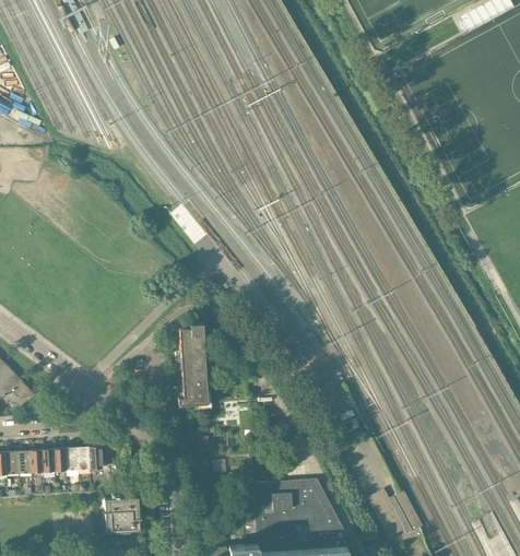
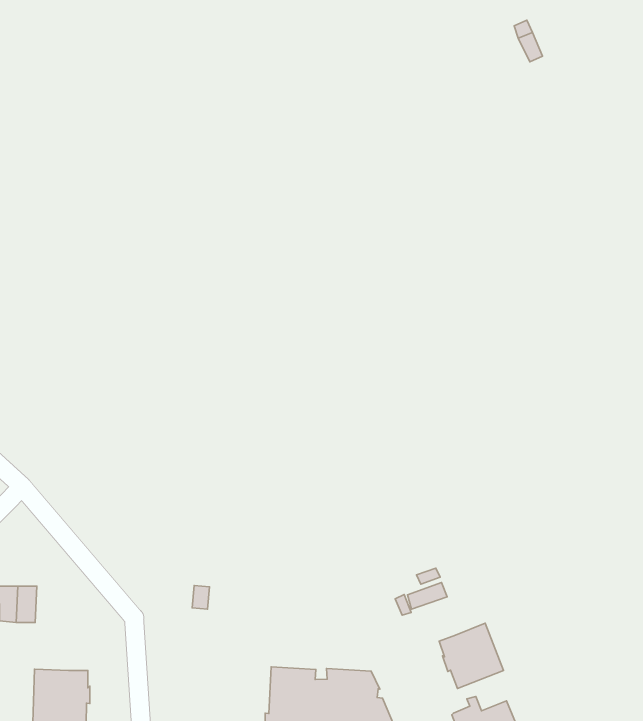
building: [178,323,208,405] -> none
building: none -> [439,623,504,689]

